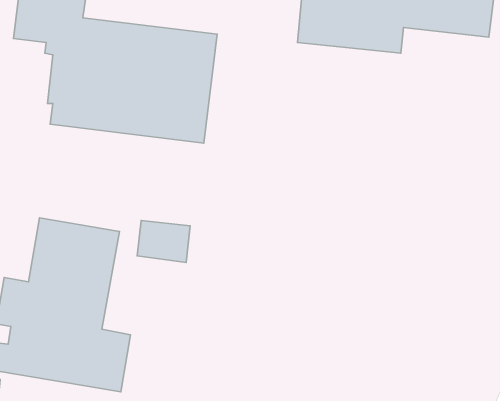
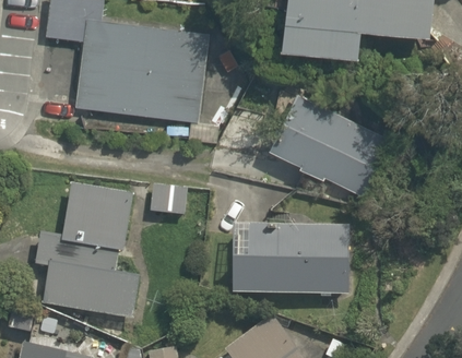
building: none -> [259,85,389,192]
building: none -> [228,223,359,293]

